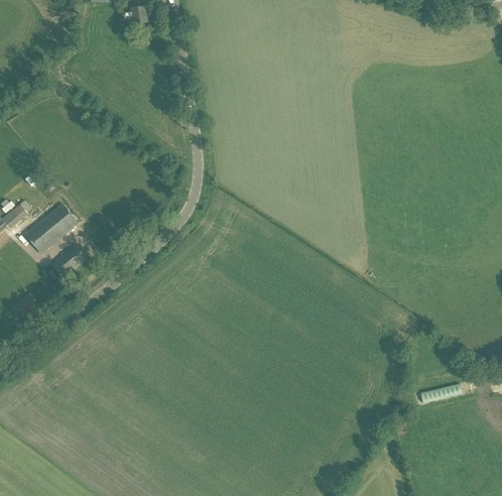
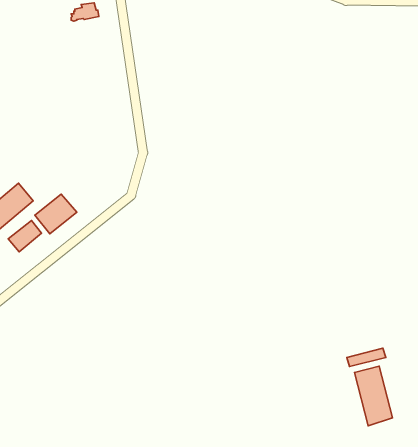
building: none -> [35,194,77,234]
building: none -> [355,366,393,426]

